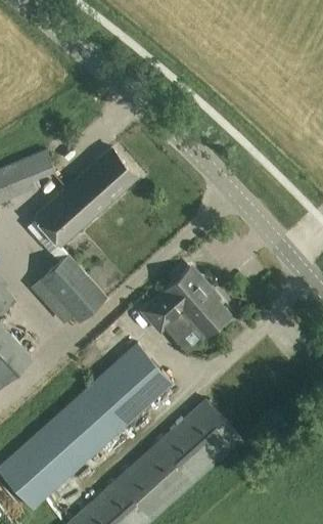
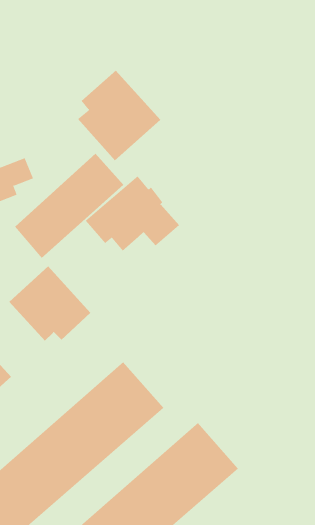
building: none -> [77,70,161,161]
building: [142,268,230,339] -> [85,176,180,252]

